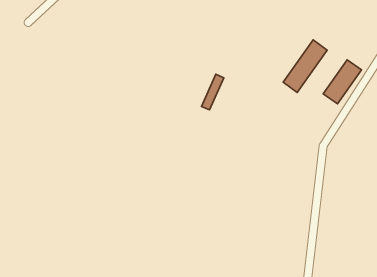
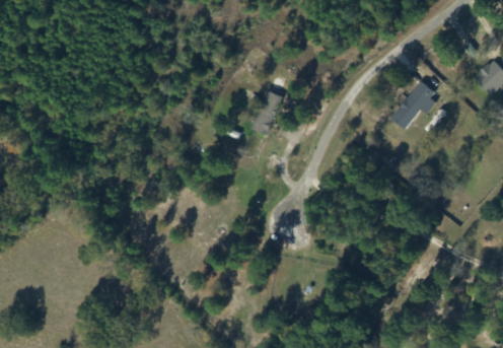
building: [283,40,327,93] -> none

